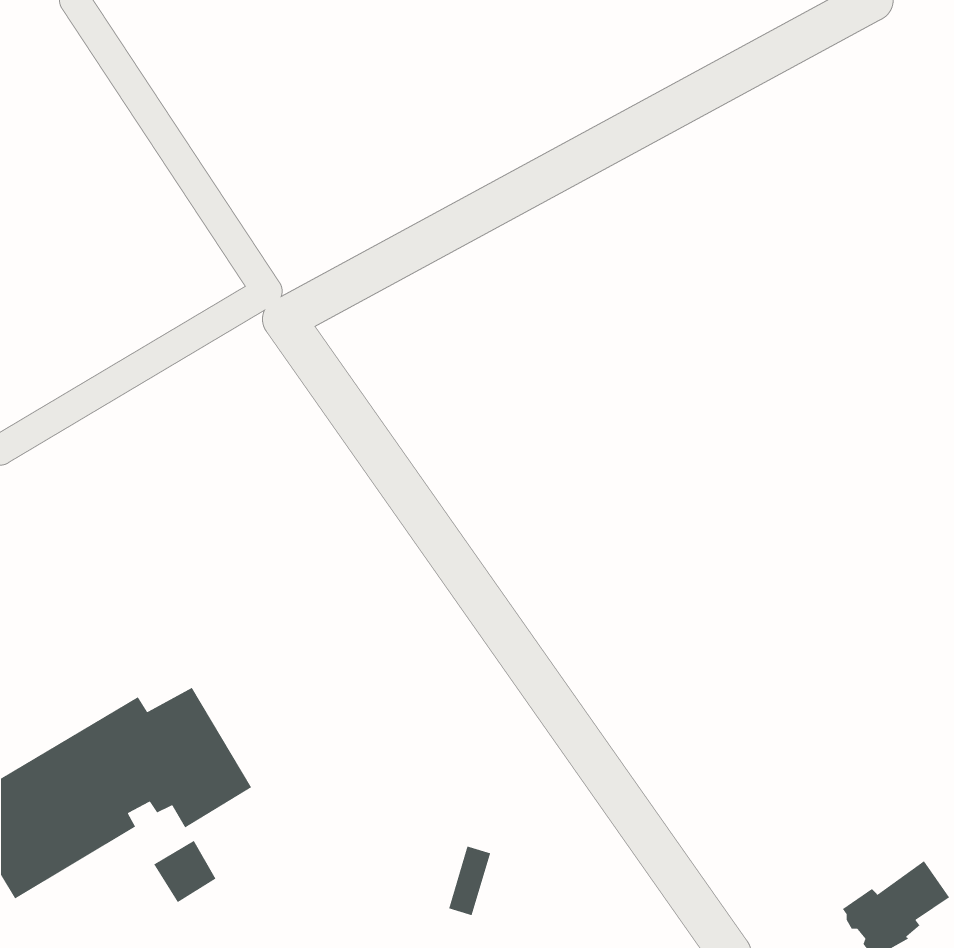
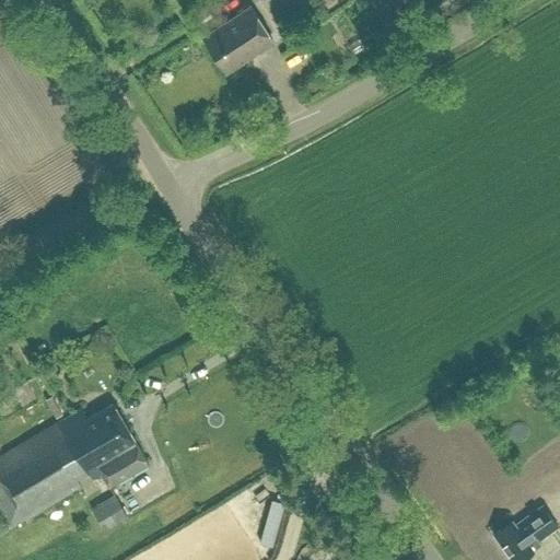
building: none -> [202,9,273,74]

